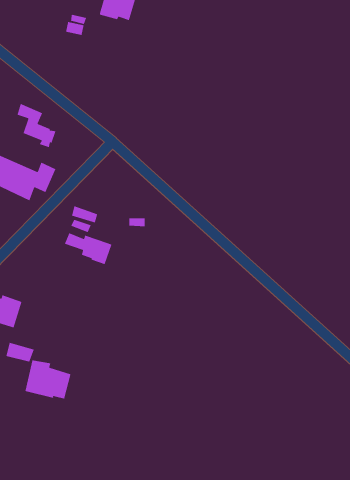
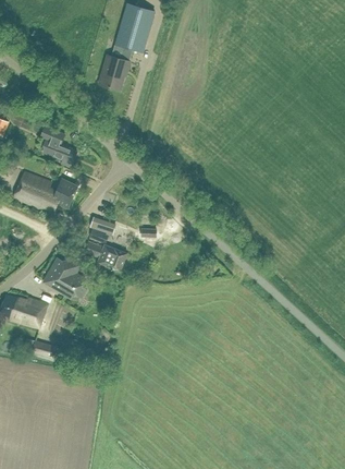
building: none -> [100,47,132,89]
building: none -> [44,257,86,297]
building: [25,359,72,400] -> none

